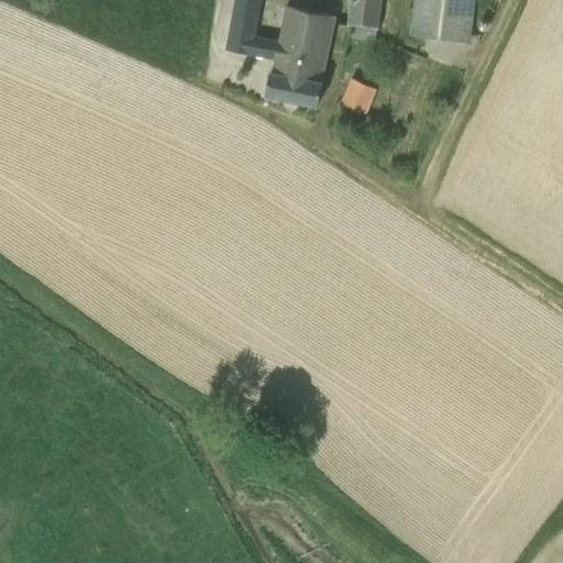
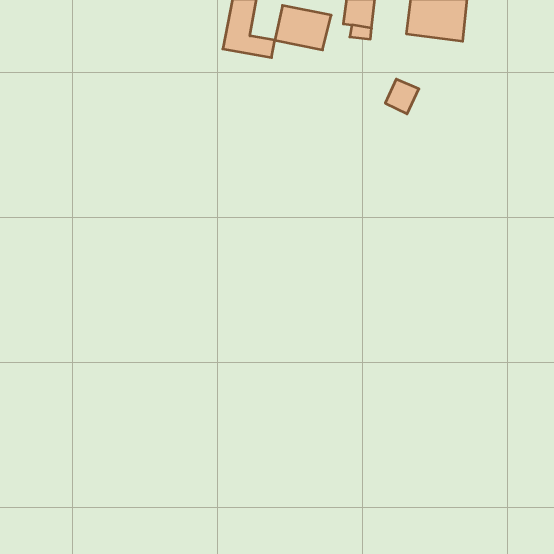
building: [265,41,327,106] -> none
building: [342,79,376,114] -> [385,79,419,114]

